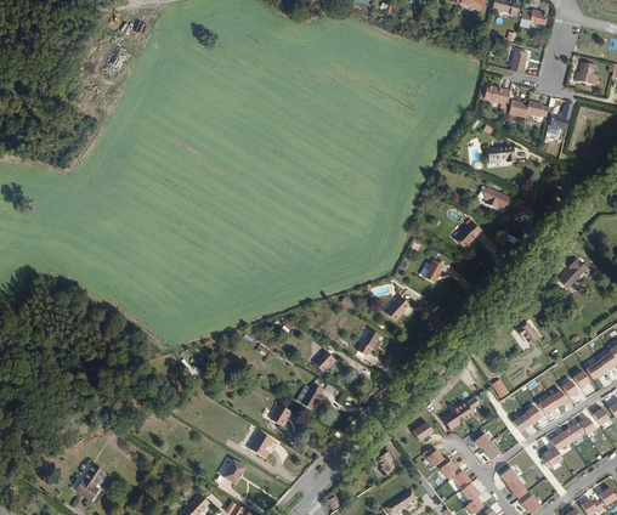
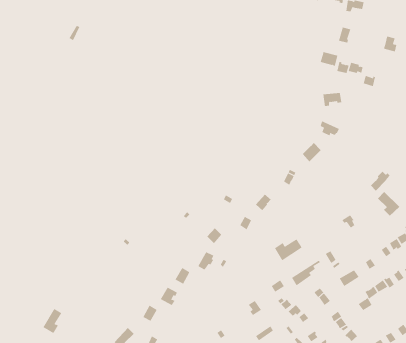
building: none -> [377,191,400,217]
building: none -> [274,238,302,261]

